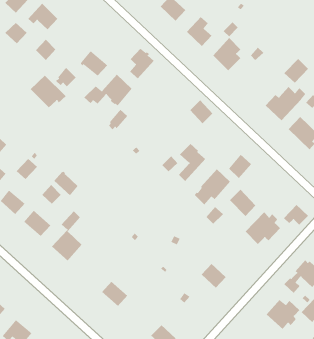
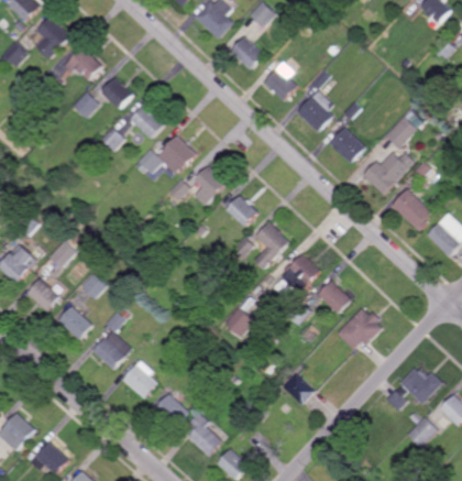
building: none -> [100,76,133,108]
building: [129,48,155,79] -> [194,165,226,205]
building: none -> [329,125,365,162]
building: [30,75,66,108] -> none
building: [189,100,213,124] -> [227,195,256,226]
building: [228,154,252,179] -> none
building: [53,171,78,196] -> none
building: [283,204,309,226] -> none
building: none -> [224,306,255,337]
building: none -> [123,360,158,398]
building: none -> [187,412,223,457]
building: [266,299,300,330] -> none

